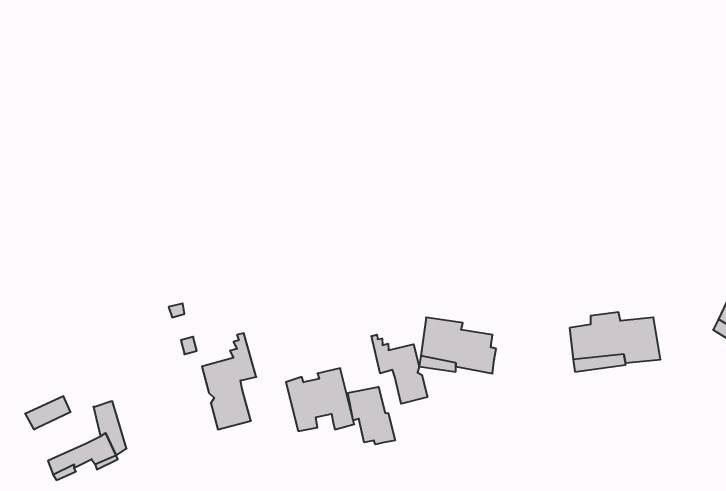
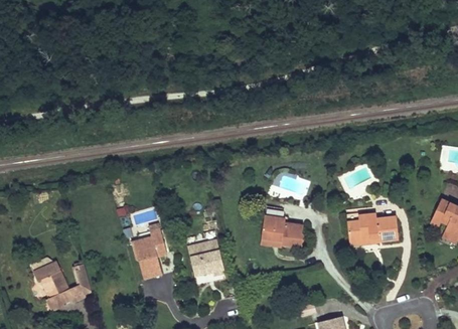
building: [371,335,427,404] -> none
building: [348,387,395,444] -> none
building: none -> [41,270,69,297]

